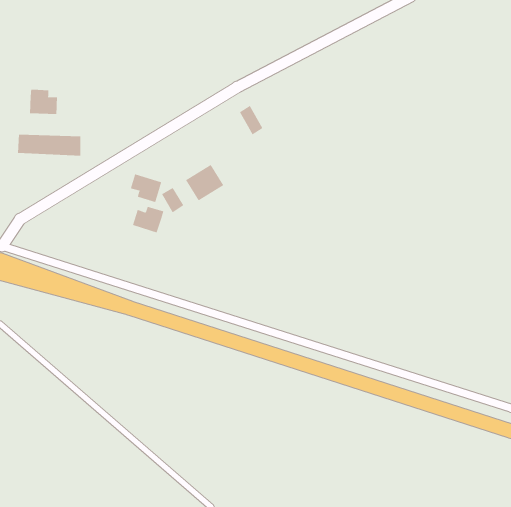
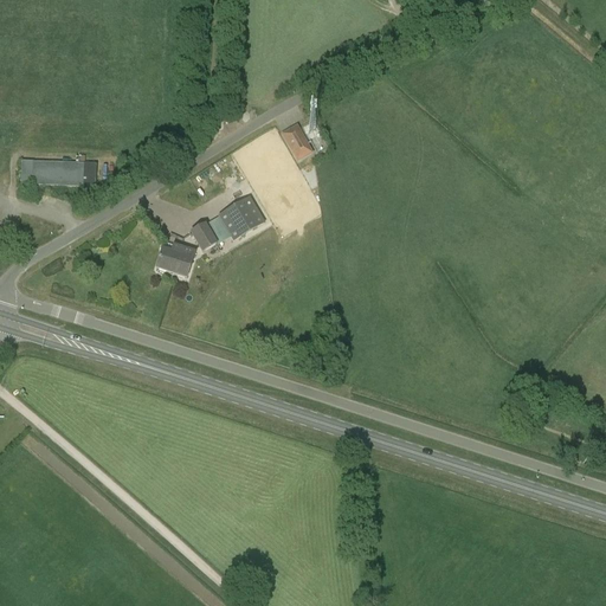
building: [30,89,58,115] -> none
building: [130,173,162,203] -> none

